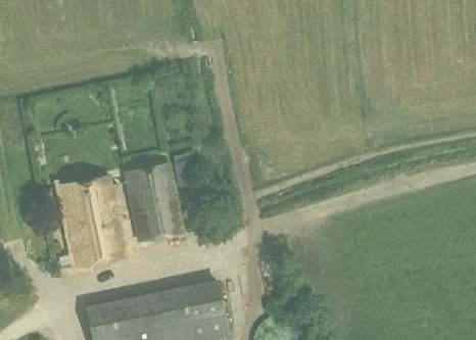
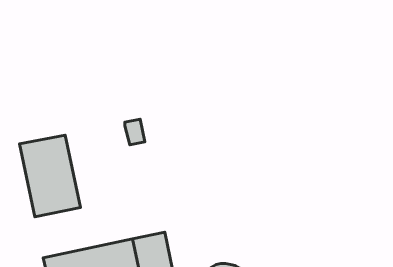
building: [122,161,185,242] -> none

